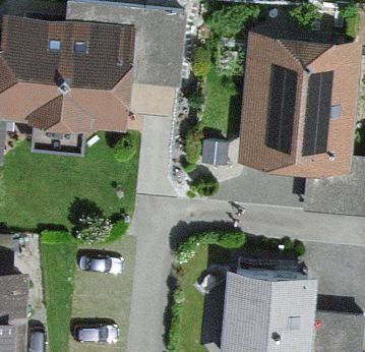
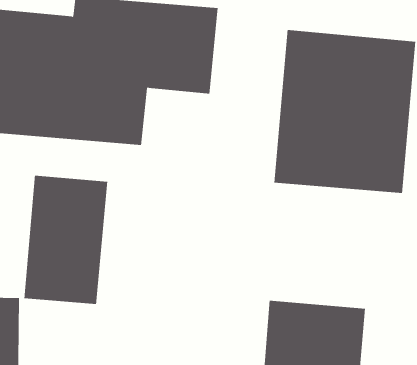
building: none -> [24,175,108,305]

